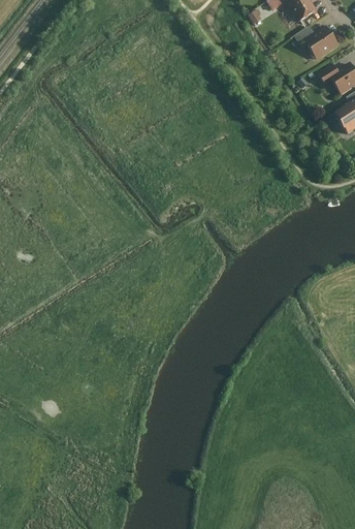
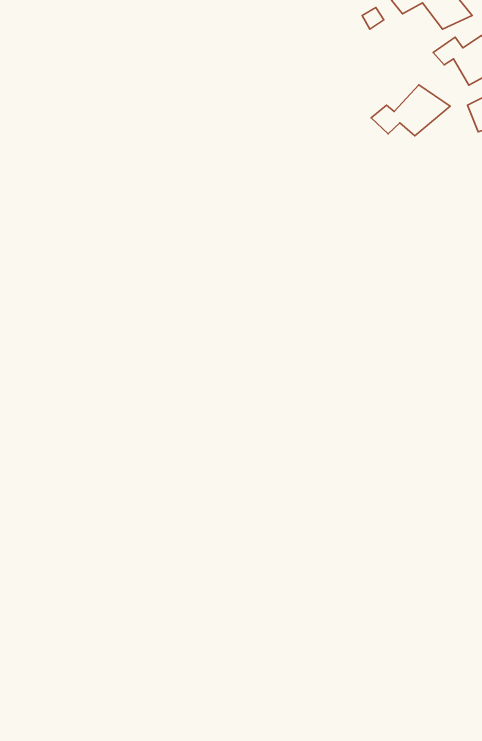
building: none -> [371,85,450,136]

